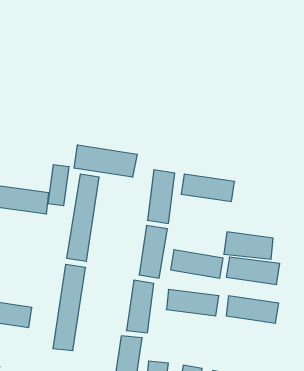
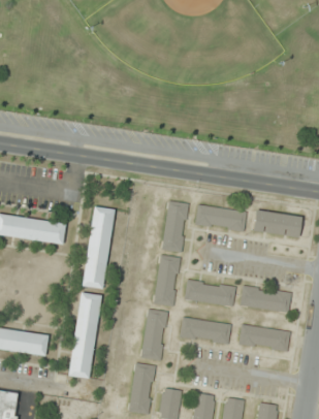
building: [74,145,137,177] -> none
building: [48,165,69,206] -> none
building: [224,232,273,259] -> [252,210,300,236]

